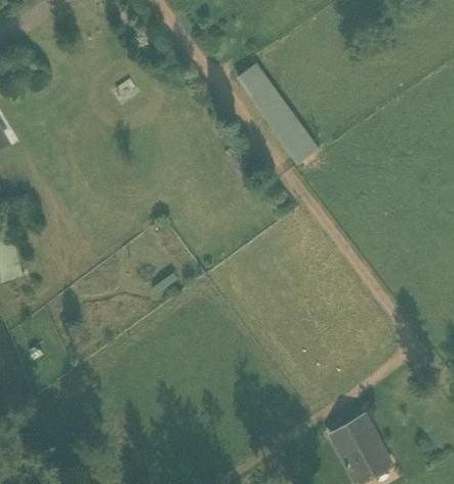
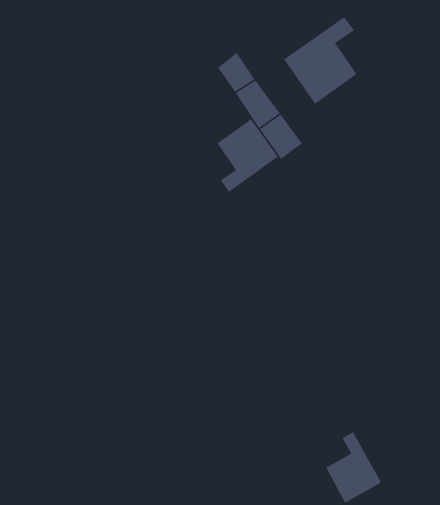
building: none -> [283,16,358,105]
building: none -> [216,118,279,193]

